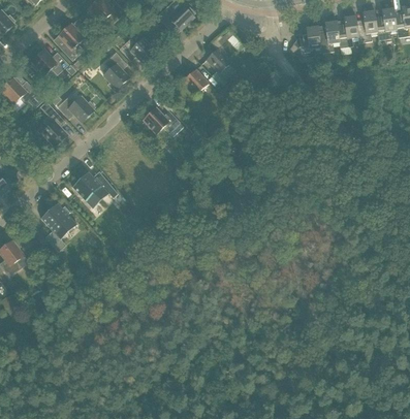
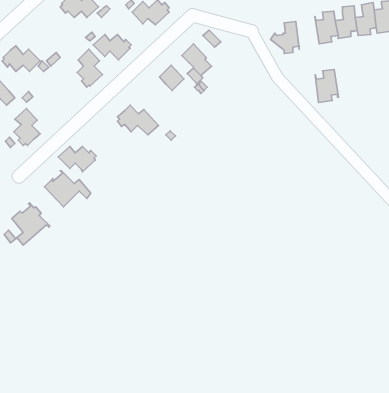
building: [318,20,341,52] -> [315,70,339,102]
building: [59,22,85,59] -> none
building: [58,96,95,121] -> [58,146,96,172]

